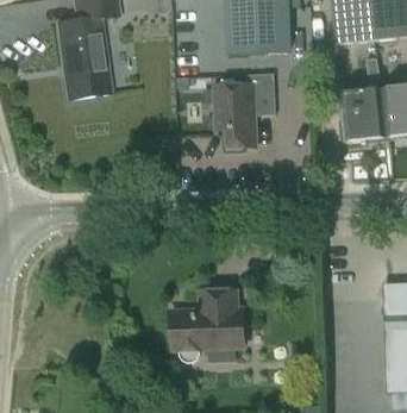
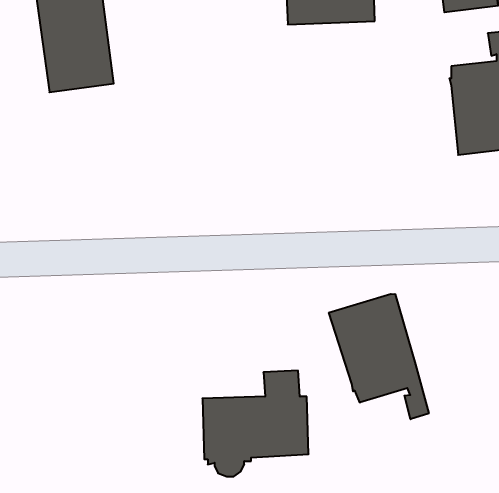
building: [214,73,275,151] -> none
building: none -> [329,294,429,419]

